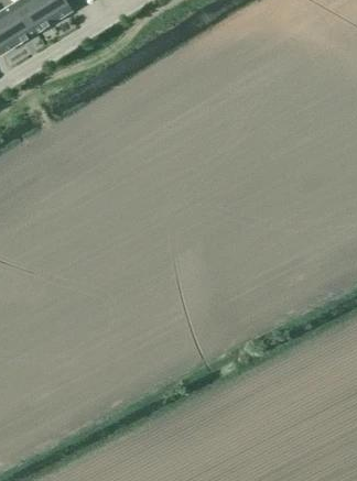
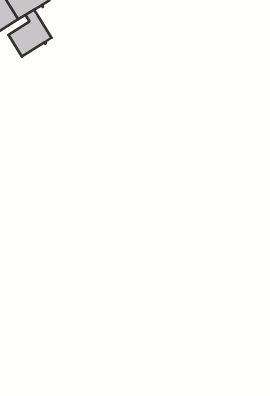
building: none -> [8,10,52,57]

